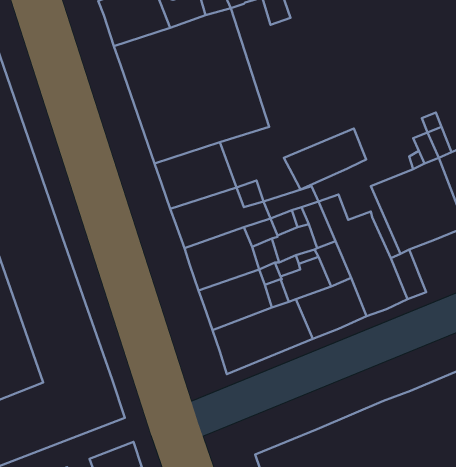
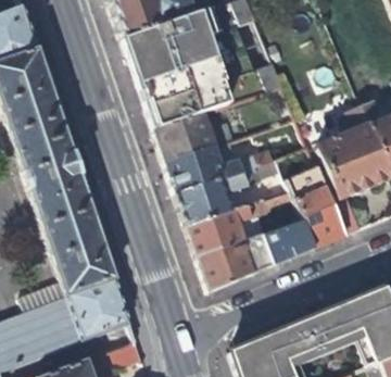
building: [284,128,366,190] -> none

